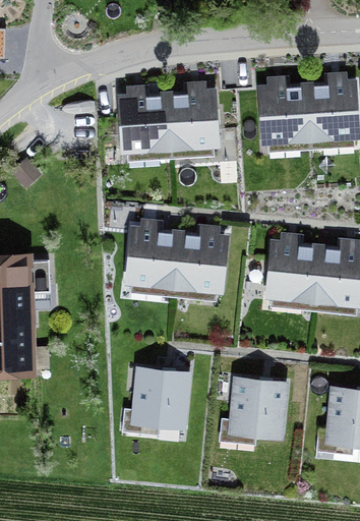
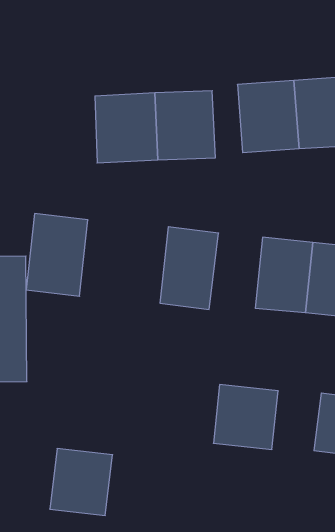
building: [122,217,182,297] -> [26,214,88,296]
building: [127,368,188,433] -> [50,449,113,515]

